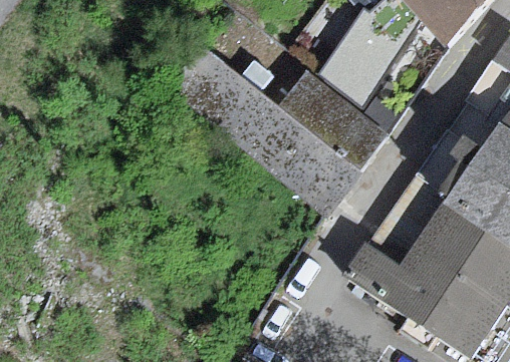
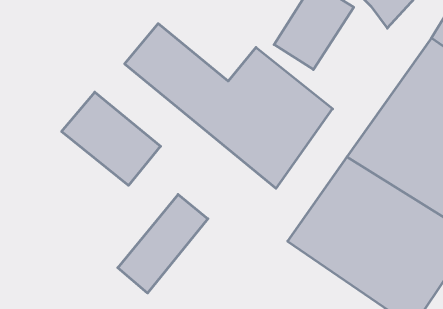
building: none -> [62,92,161,185]
building: none -> [118,194,208,293]

